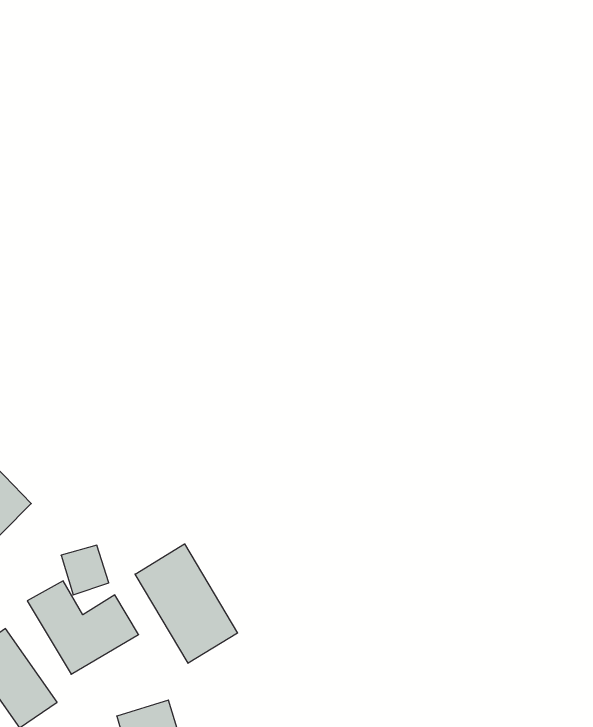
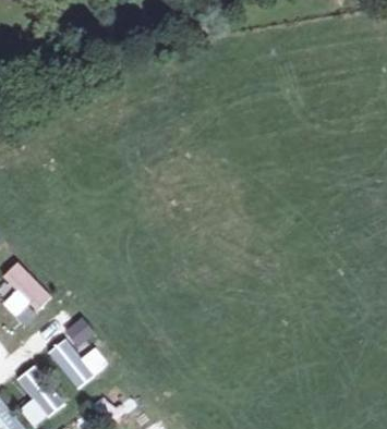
building: [135,544,238,663] -> none

